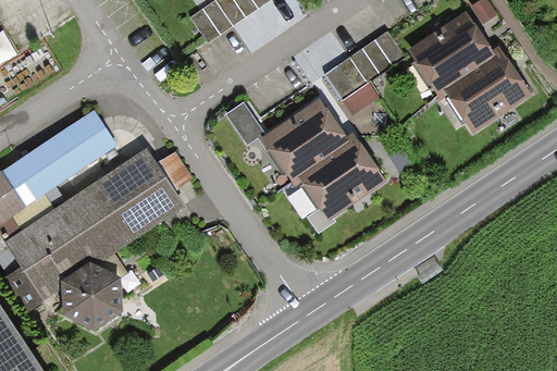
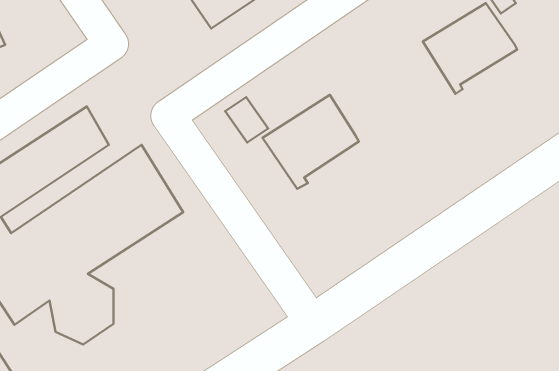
building: [325,30,405,113] -> none
building: [445,49,530,129] -> none
building: [299,133,387,220] -> none

